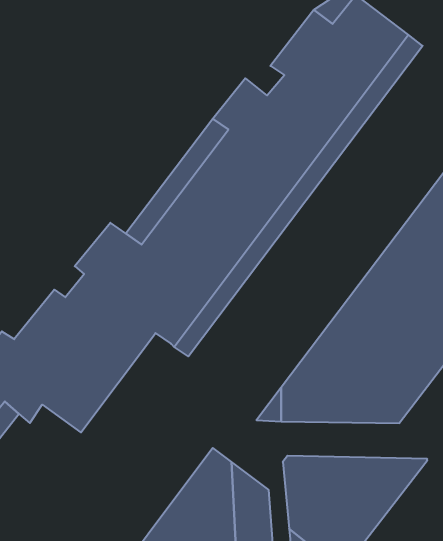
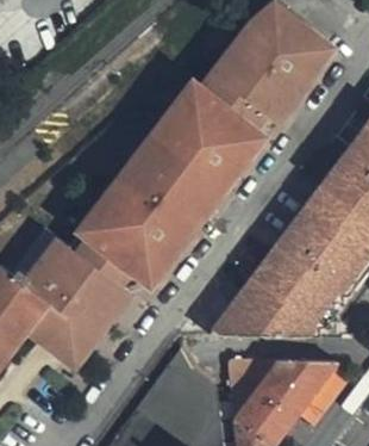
building: none -> [33,267,142,365]

